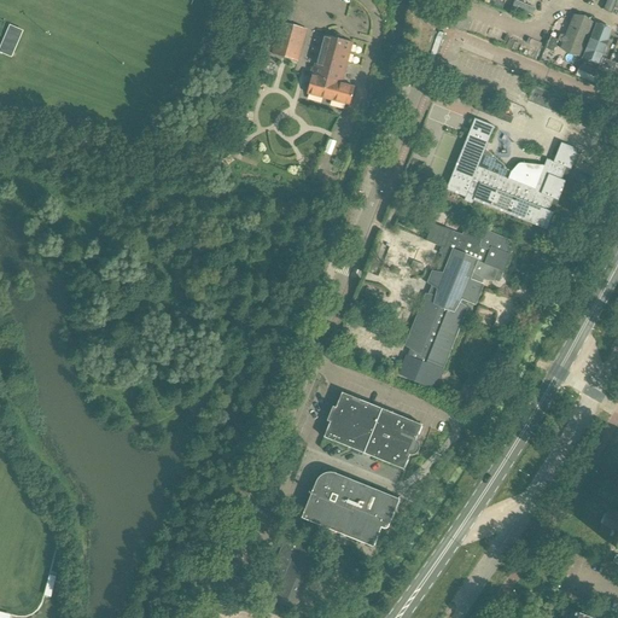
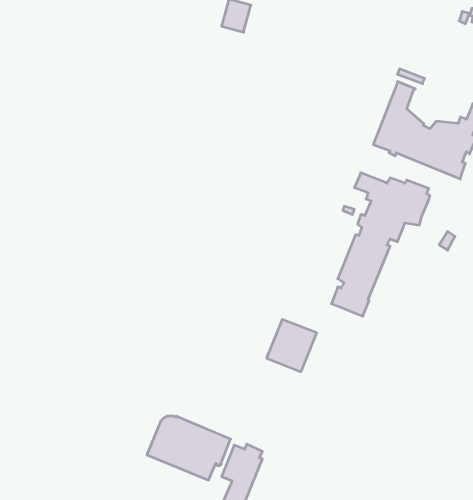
building: [308,34,355,104] -> none
building: [363,407,421,468] -> none
building: [302,472,398,546] -> [147,416,231,480]

